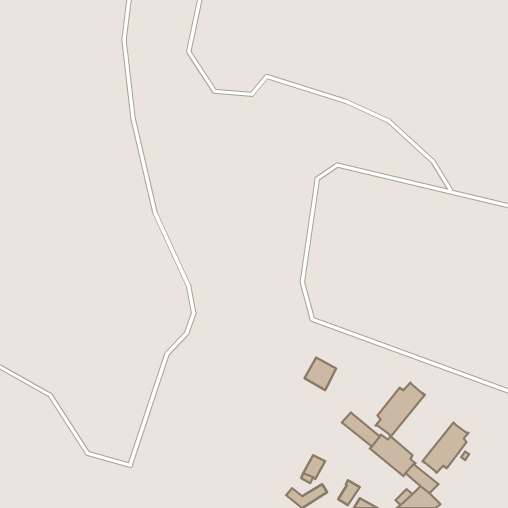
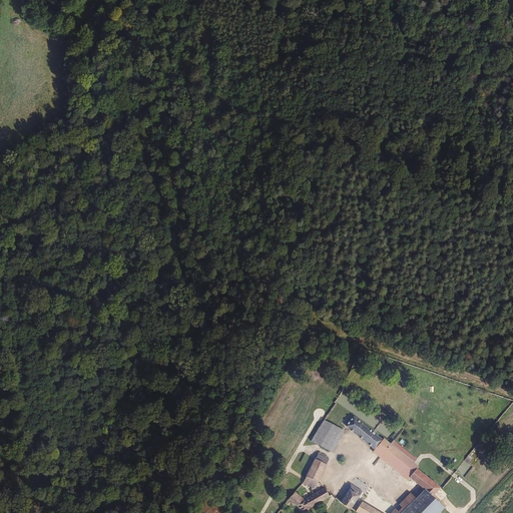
building: [304,357,336,390] -> [311,420,343,453]
building: [375,383,425,436] -> none
building: [423,423,468,473] -> none

